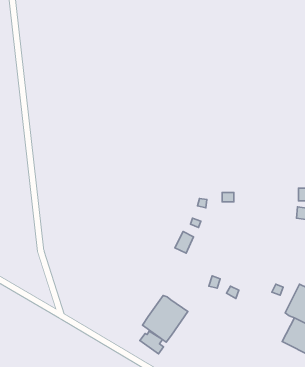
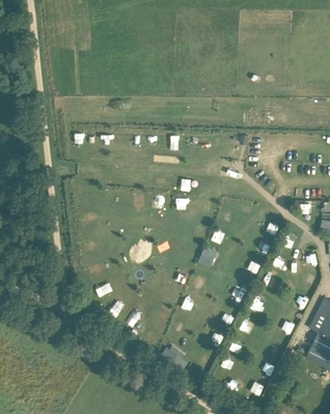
building: [142,295,188,342] -> none

